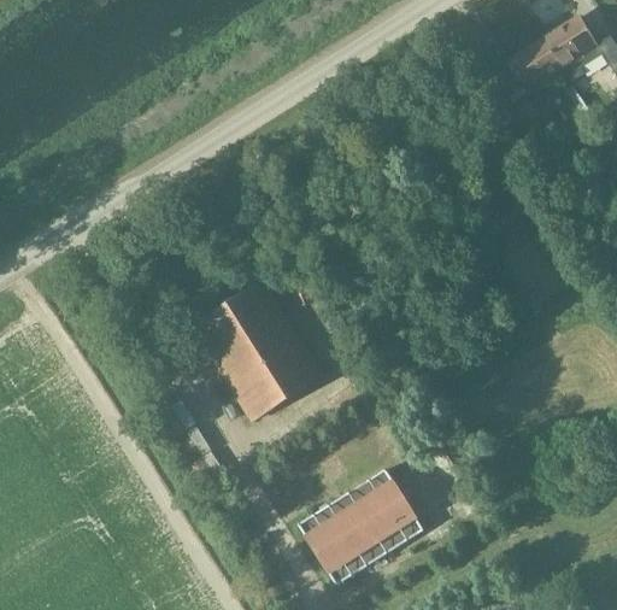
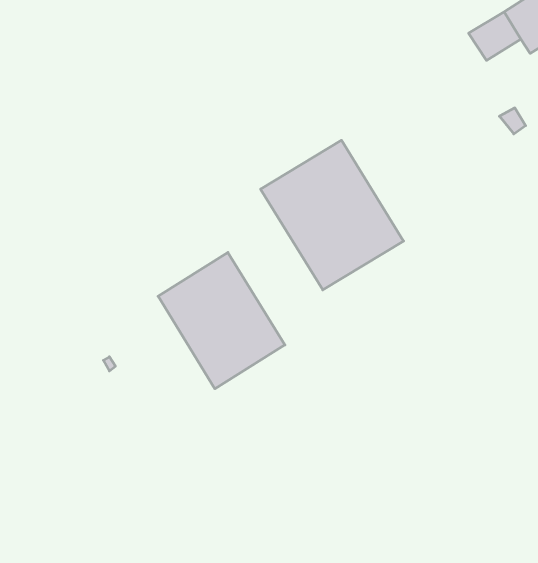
building: none -> [261,140,404,290]
building: [298,468,424,583] -> none

